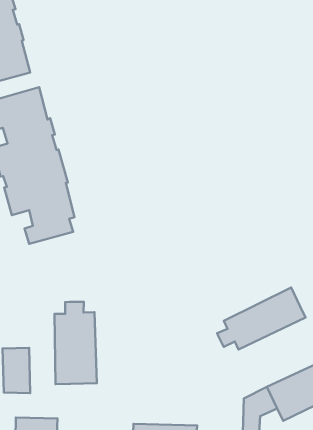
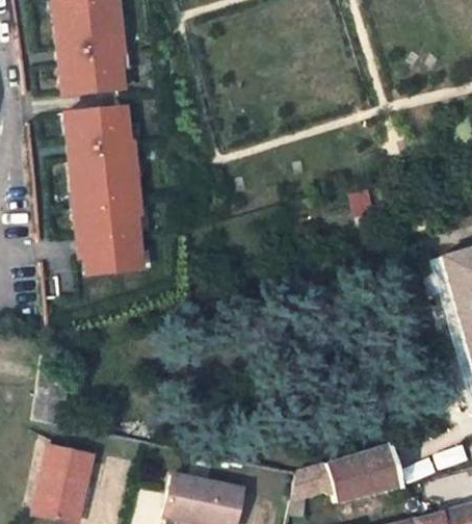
building: [217,287,306,350] -> none
building: [54,302,97,384] -> none

